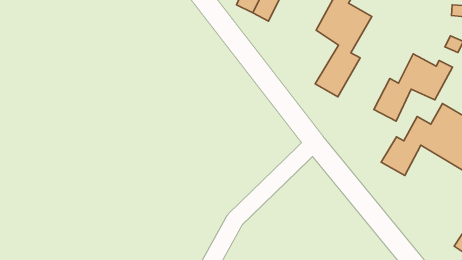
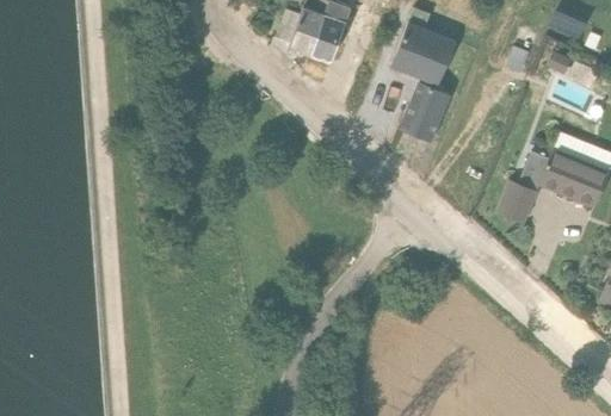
building: [374,54,452,121] -> none

